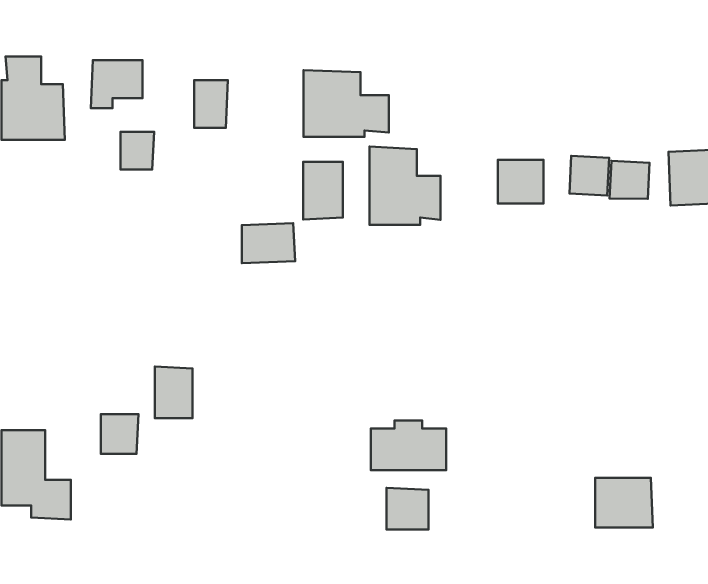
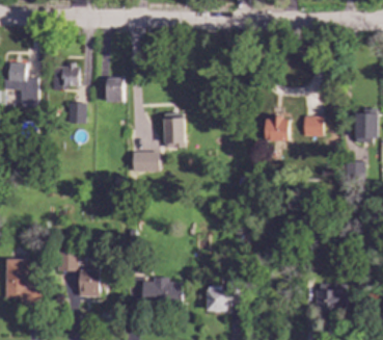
building: [304,70,389,137] -> none
building: [370,147,441,225] -> none
building: [610,161,650,199] -> none
building: [155,366,193,418] -> [80,269,100,296]
building: [371,421,446,470] -> [142,278,182,304]

